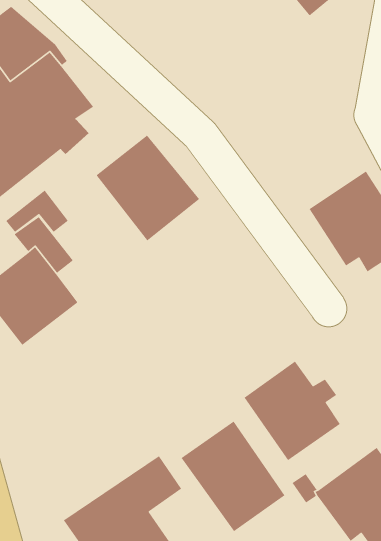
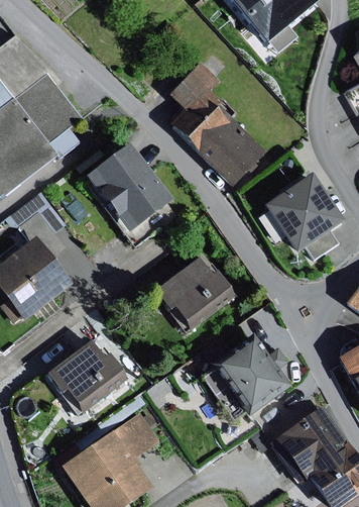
building: none -> [167,59,265,185]
building: none -> [153,258,236,334]
building: none -> [44,339,128,417]
building: [181,420,285,532] -> none

